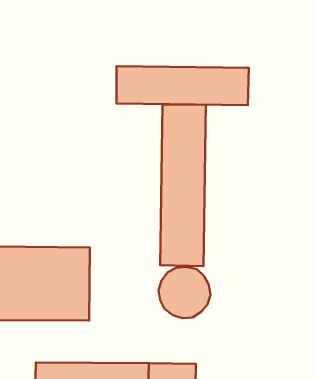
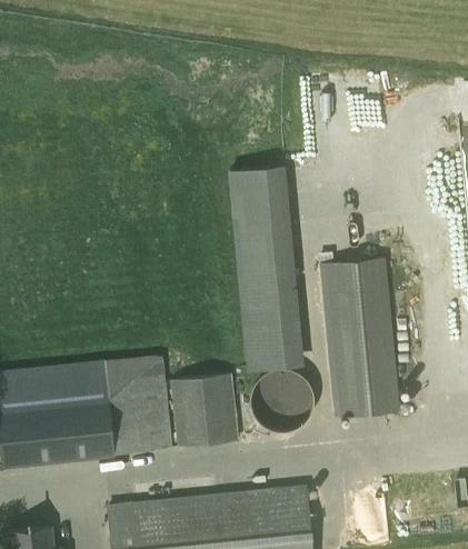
building: [116,66,249,105] -> none
building: none -> [328,258,397,415]
building: none -> [173,373,235,446]

